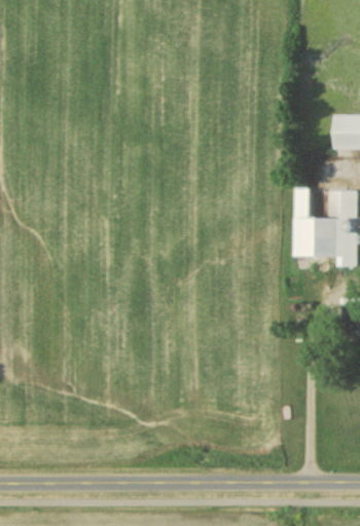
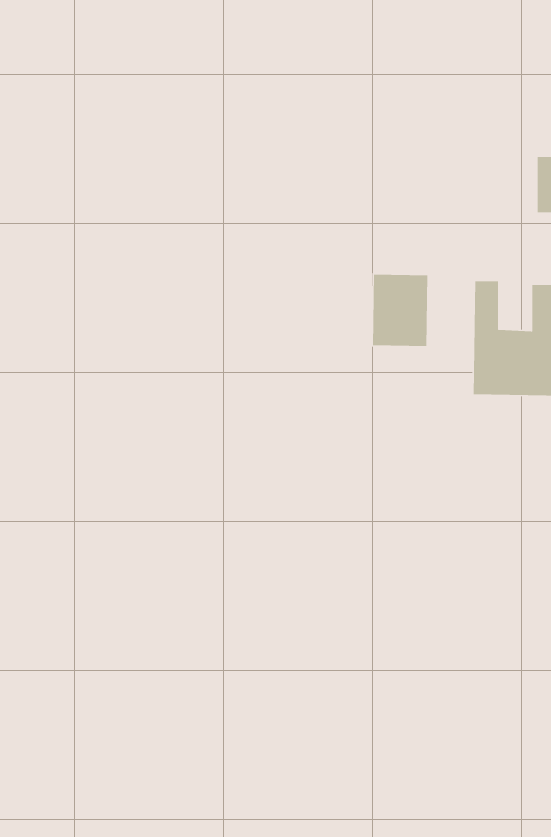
building: none -> [372,274,428,347]

